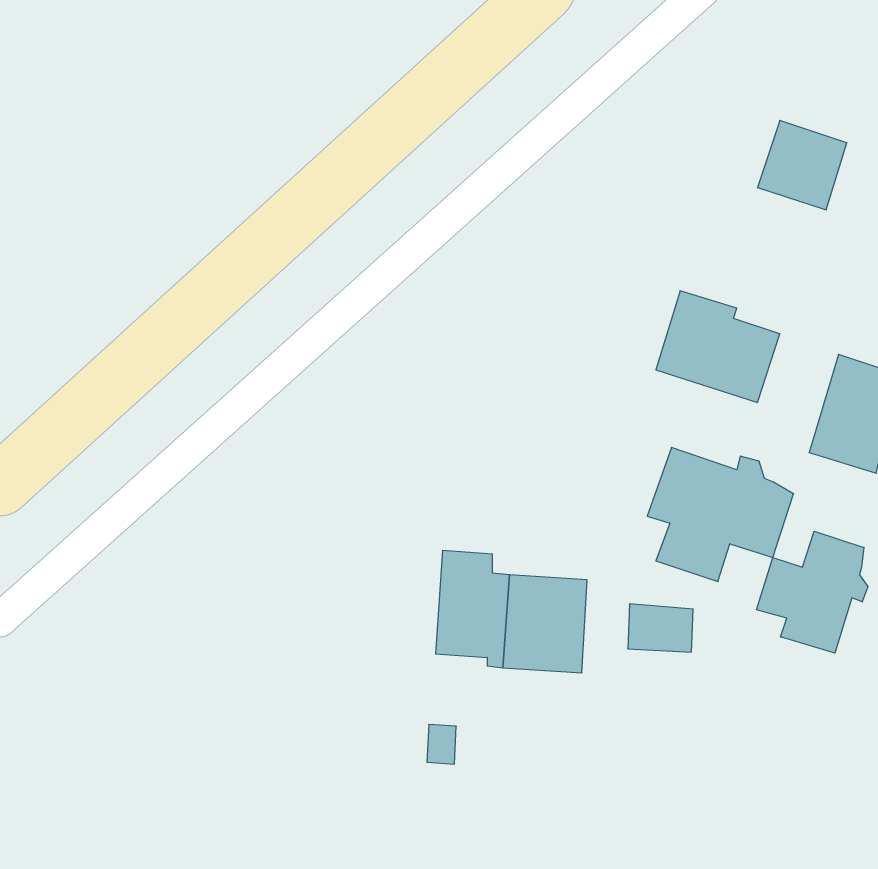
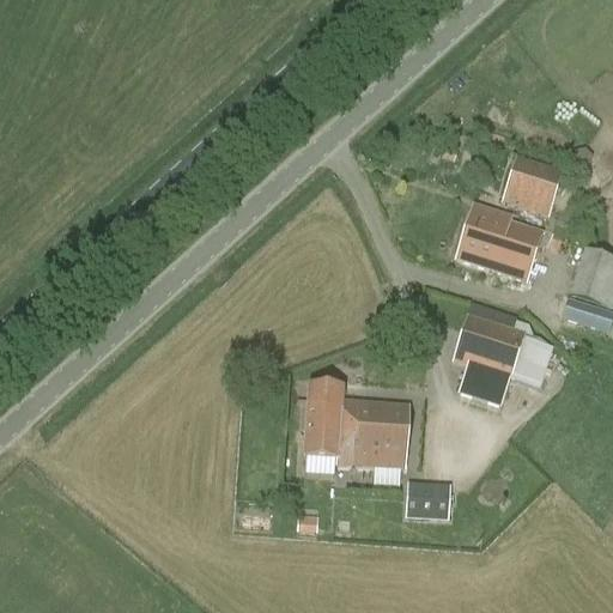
building: [757,120,847,210] -> [502,154,564,217]
building: [756,531,868,653] -> none
building: [628,604,693,652] -> [406,480,451,514]

